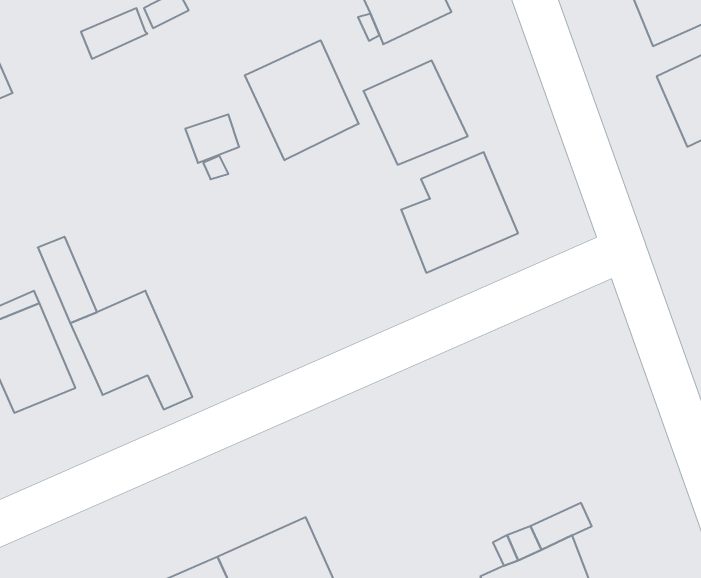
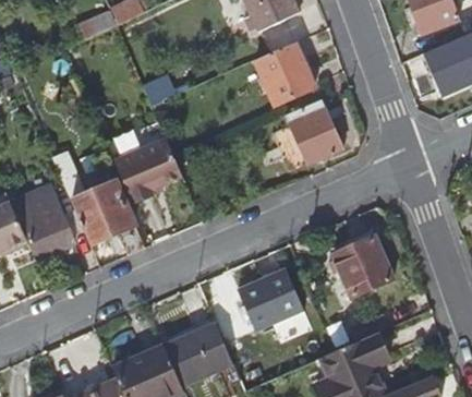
building: [245,40,359,160] -> none
building: none -> [113,139,182,203]
building: none -> [332,237,391,297]
building: none -> [238,269,300,329]

